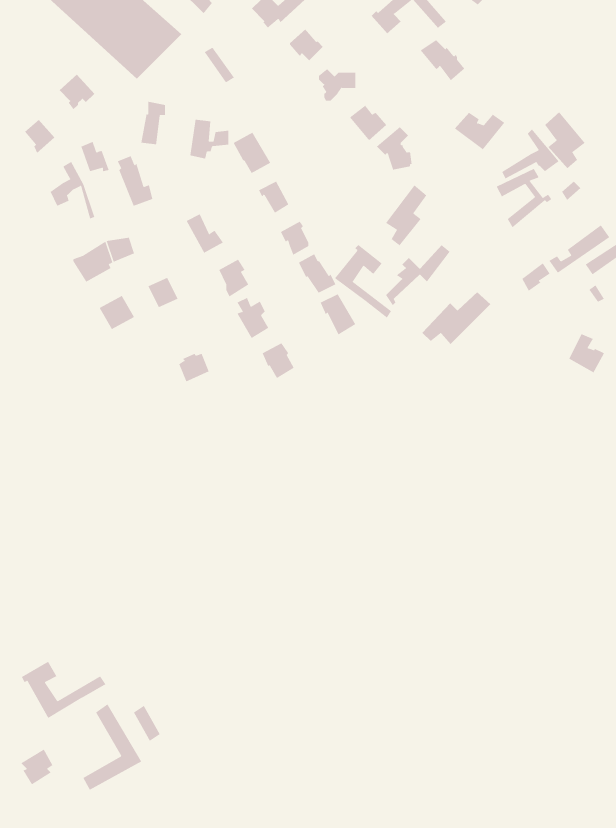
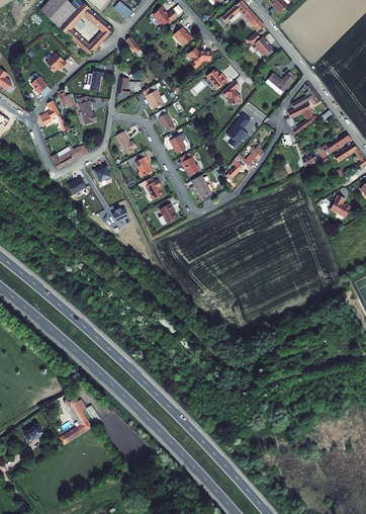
building: [544,111,585,169] -> none
building: [334,244,392,318] -> none
building: [421,292,491,345] -> none
building: [21,661,106,719] -> none

